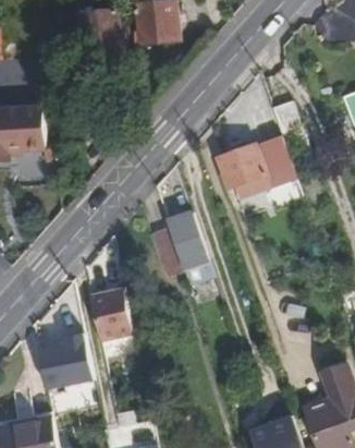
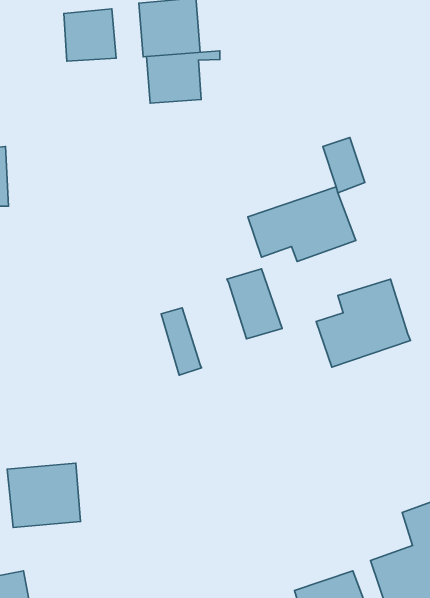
building: none -> [147,51,220,103]
building: none -> [316,279,410,367]
building: [167,216,207,267] -> [227,269,282,339]
building: [95,291,133,340] -> none

